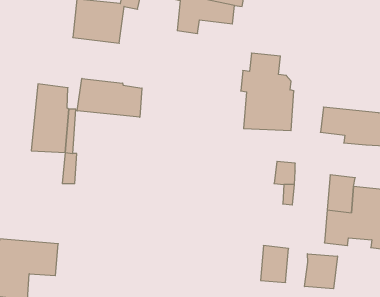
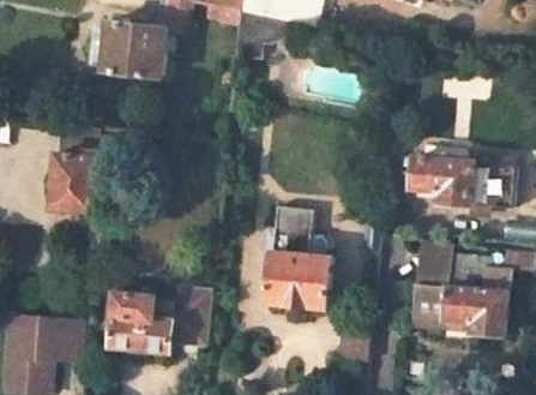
building: [241,53,294,131] -> [261,211,327,307]
building: [77,78,142,117] -> none
building: none -> [109,282,210,352]
building: [305,254,337,289] -> none

